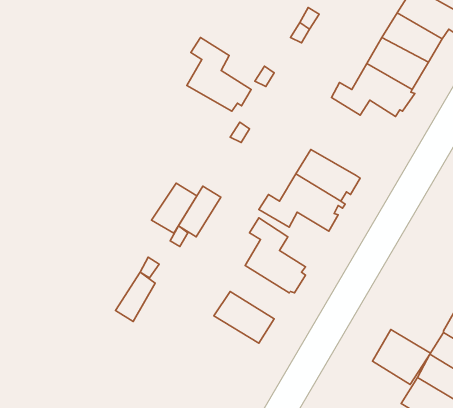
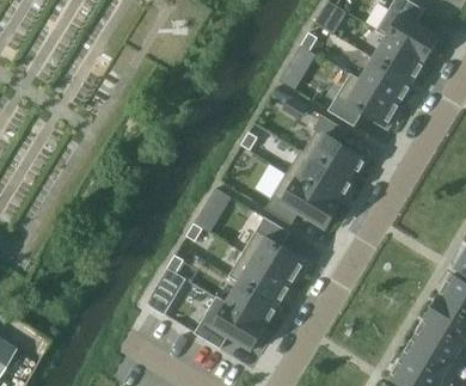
building: [187,38,251,111] -> [311,114,367,178]
building: [151,183,197,233] -> none
building: none -> [240,257,292,304]
building: none -> [195,301,266,349]
building: [372,329,430,384] -> none

